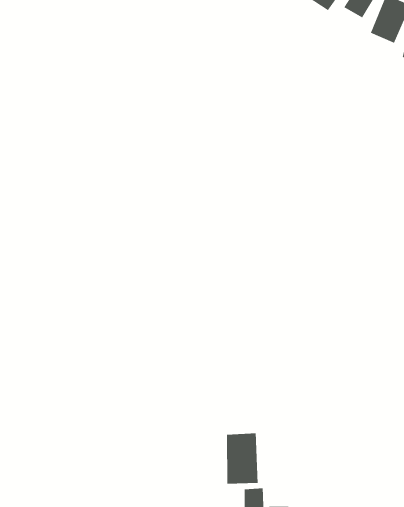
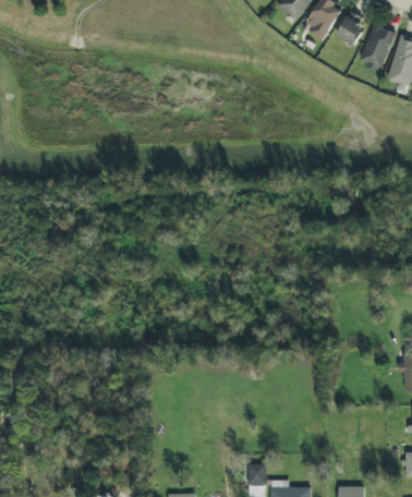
building: [226,433,258,484] -> none

